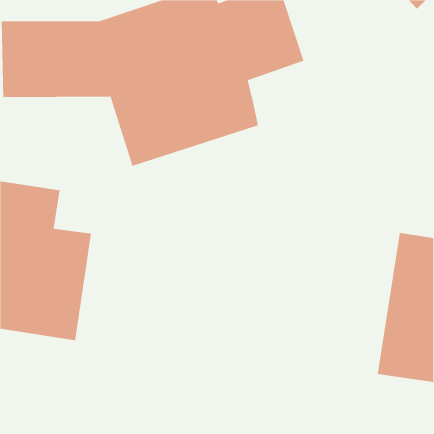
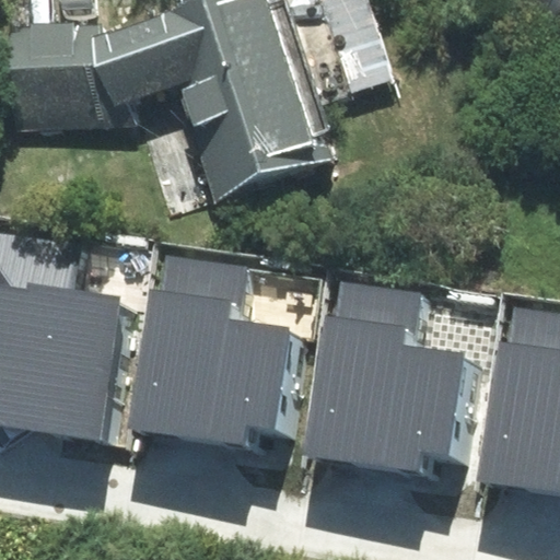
building: none -> [135,253,289,447]
building: none -> [313,279,463,470]

